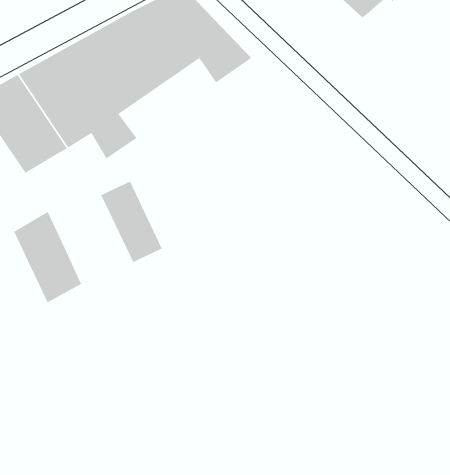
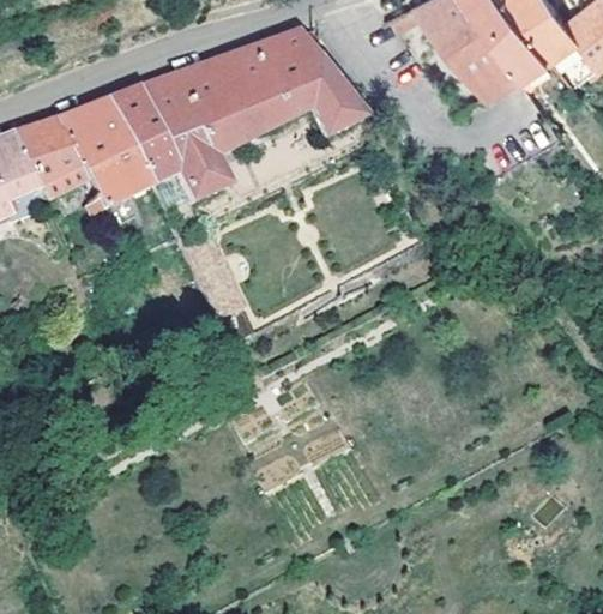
building: [13,211,82,304] -> none

